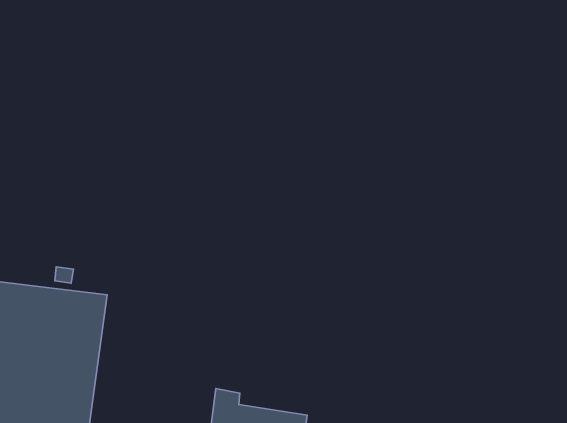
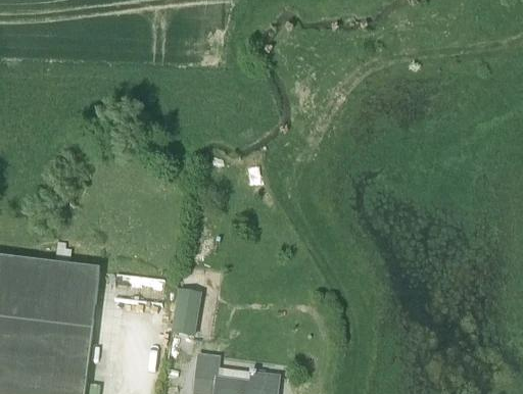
building: none -> [170,288,200,334]

